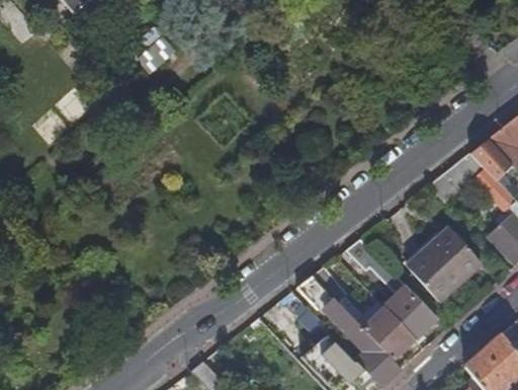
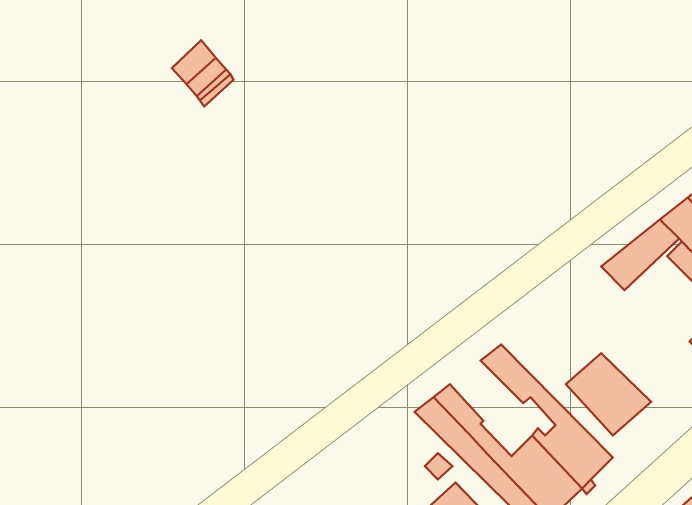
building: [428,231,478,280] -> none

